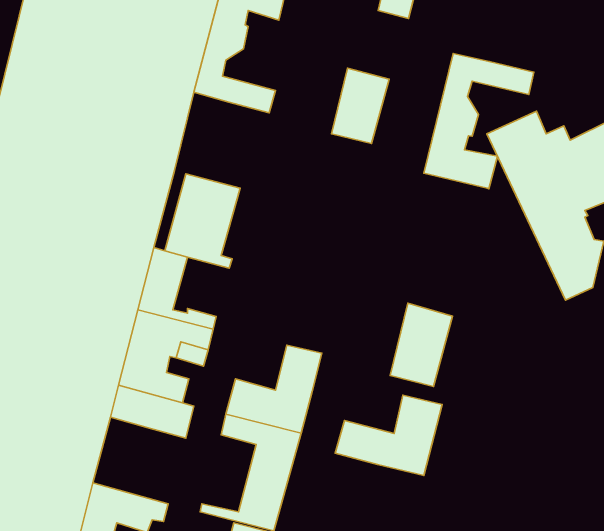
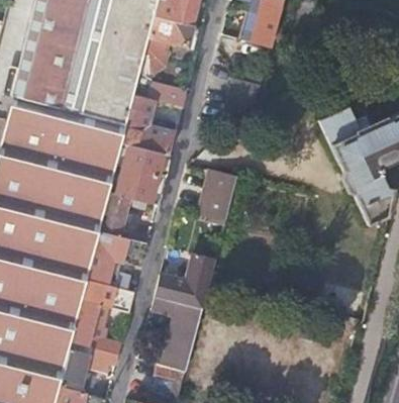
building: [424,54,534,189] -> none
building: none -> [122,95,176,157]
building: [390,303,453,387] -> [197,172,236,224]
building: [335,395,442,476] -> none
building: none -> [71,300,121,355]

